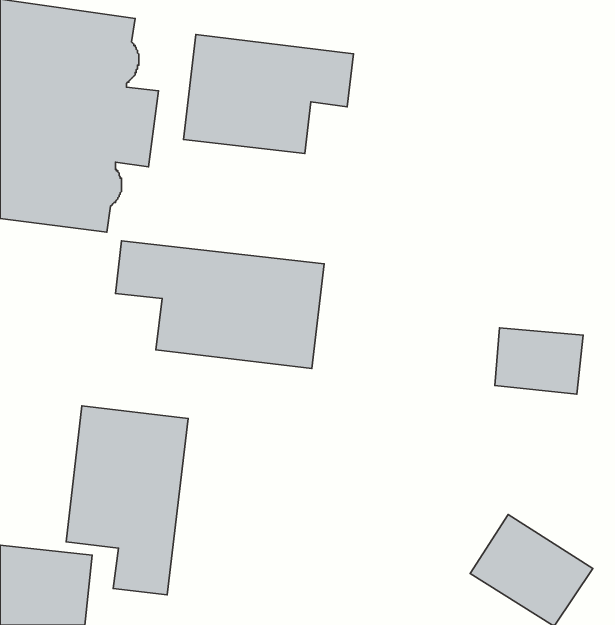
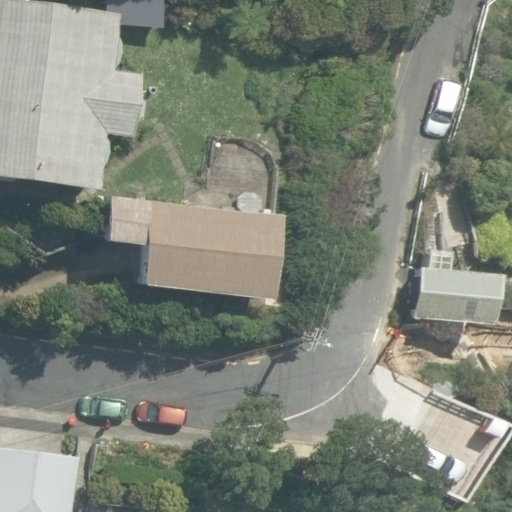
building: [183,35,353,154] -> none
building: [66,406,188,595] -> none

